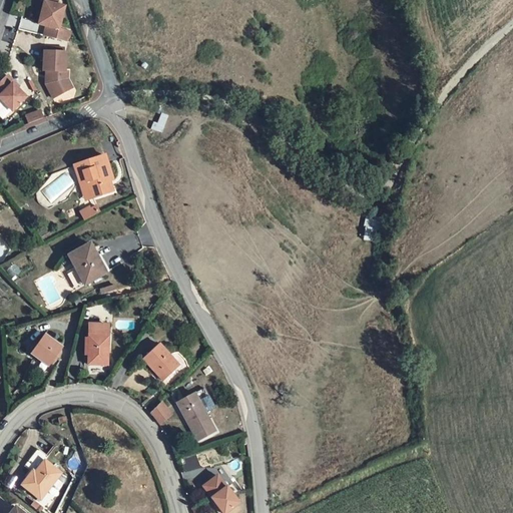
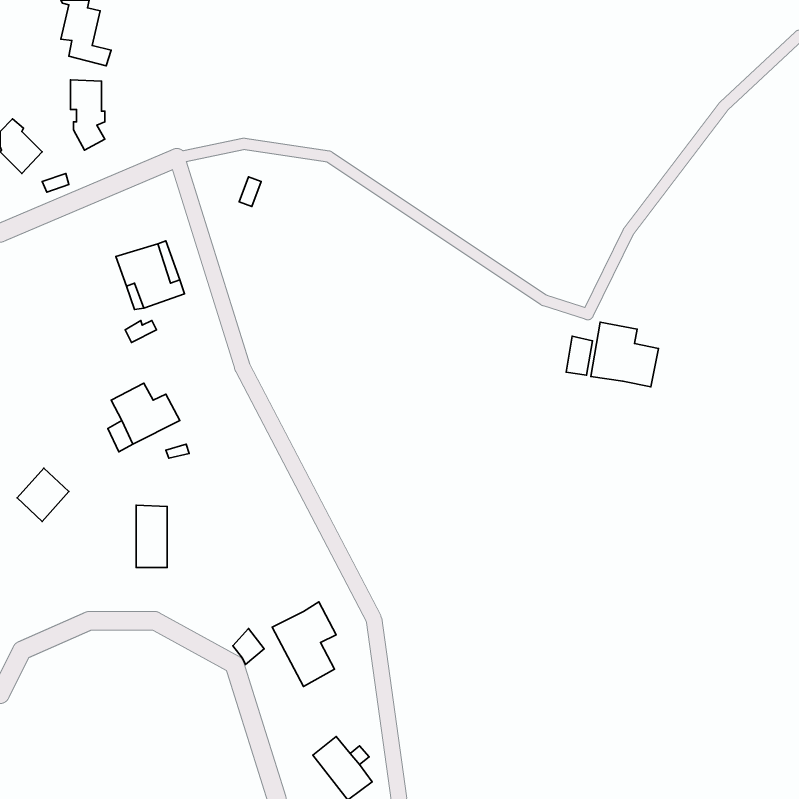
building: none -> [591,322,658,387]
building: [33,327,66,361] -> [17,468,69,521]
building: [140,343,179,382] -> none
building: [19,446,60,499] -> none

